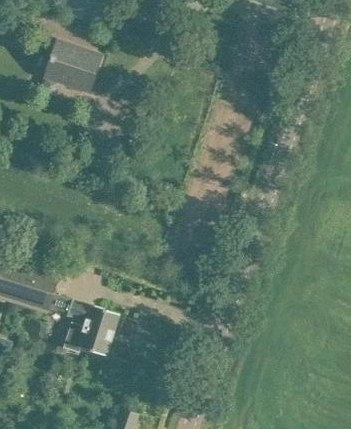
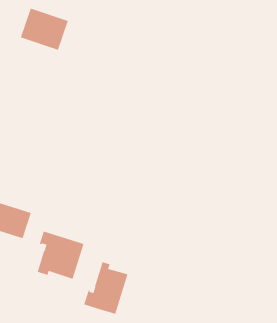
building: none -> [83,261,128,315]

